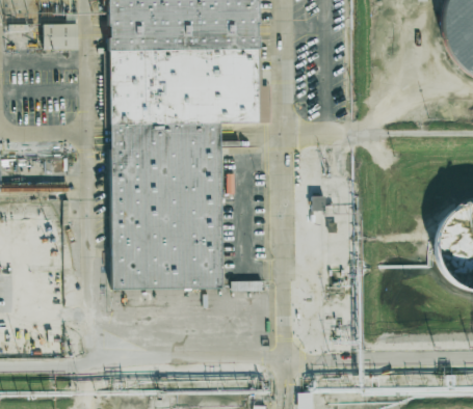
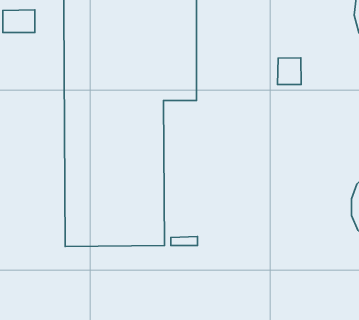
building: none -> [277,58,301,85]

